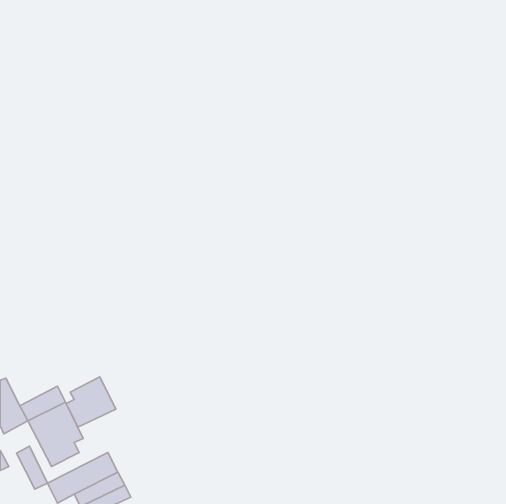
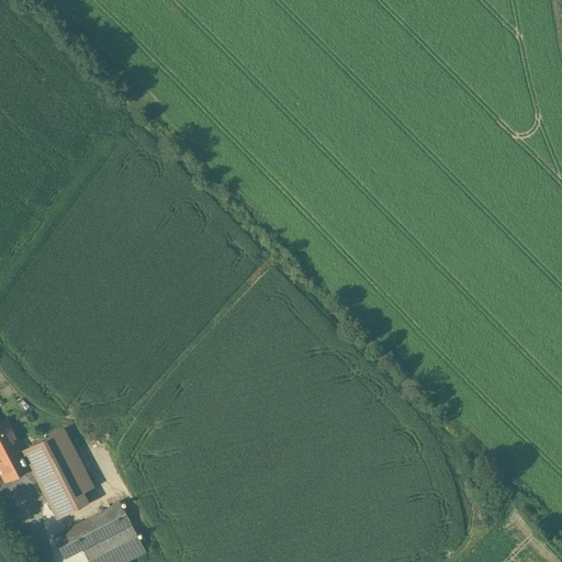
building: [66,377,116,427] -> none
building: [16,446,48,489] -> none

